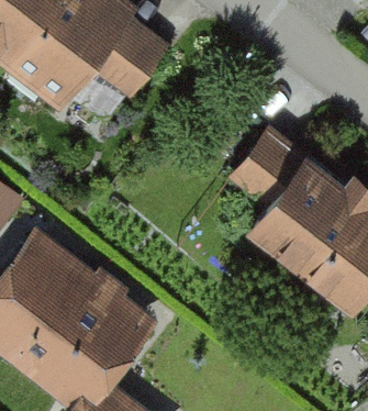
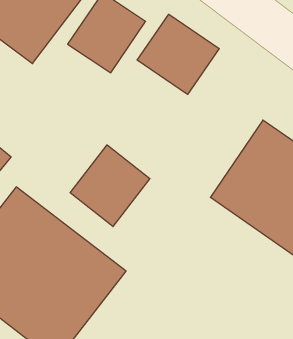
building: none -> [137,14,219,94]
building: none -> [70,145,150,227]

